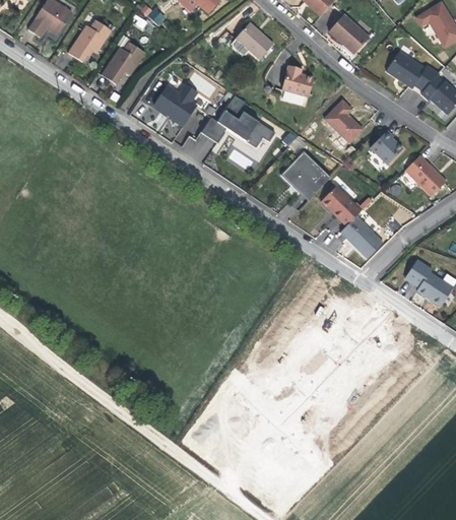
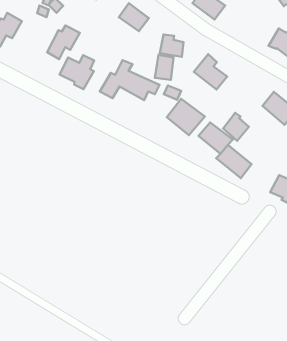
building: [102,44,145,85] -> [47,25,80,59]
building: [384,51,438,94] -> none
building: none -> [155,55,174,80]
building: [370,129,402,165] -> [223,113,249,141]

